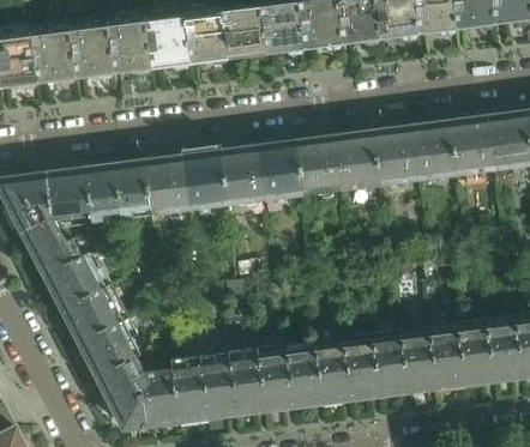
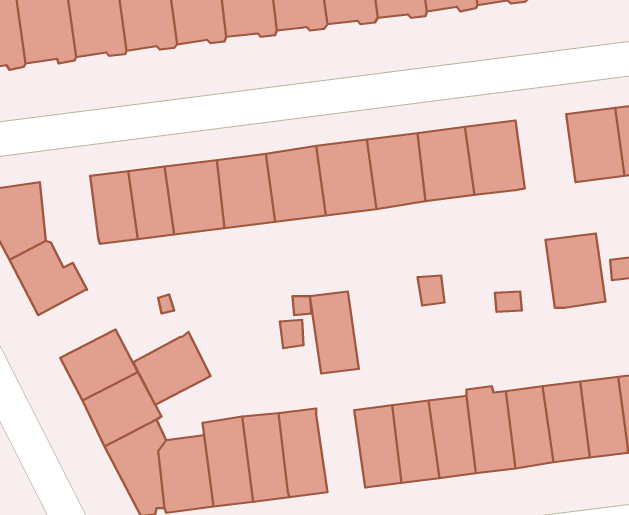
building: [405,122,451,179] -> [545,233,605,308]
building: [44,169,89,219] -> none
building: [43,252,102,307] -> [133,332,210,405]
building: [254,346,291,409] -> [310,291,359,374]

